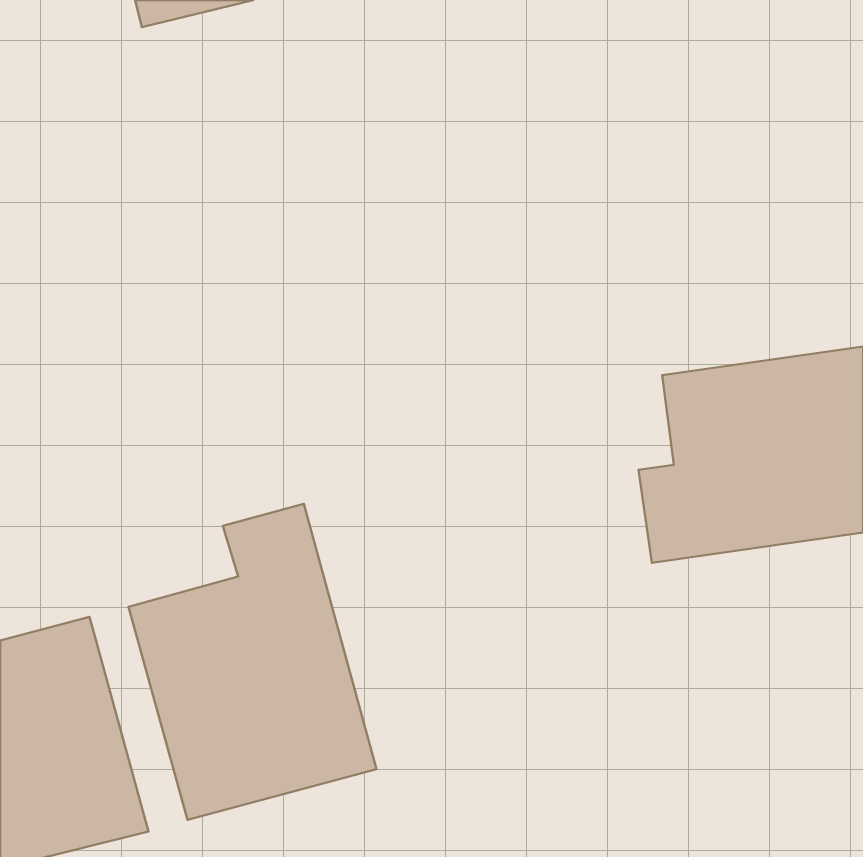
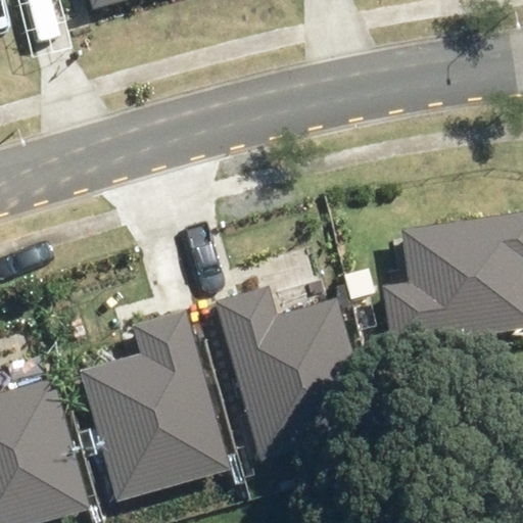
building: none -> [212,283,372,457]

